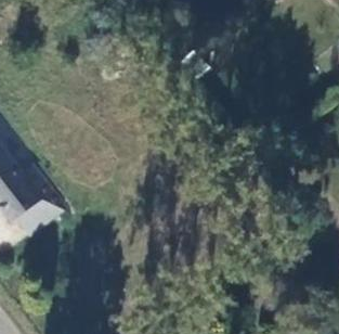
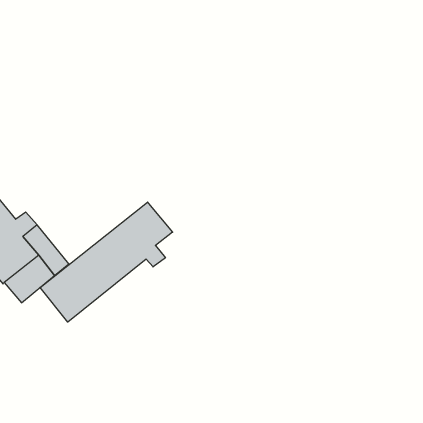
building: none -> [40,202,173,322]

